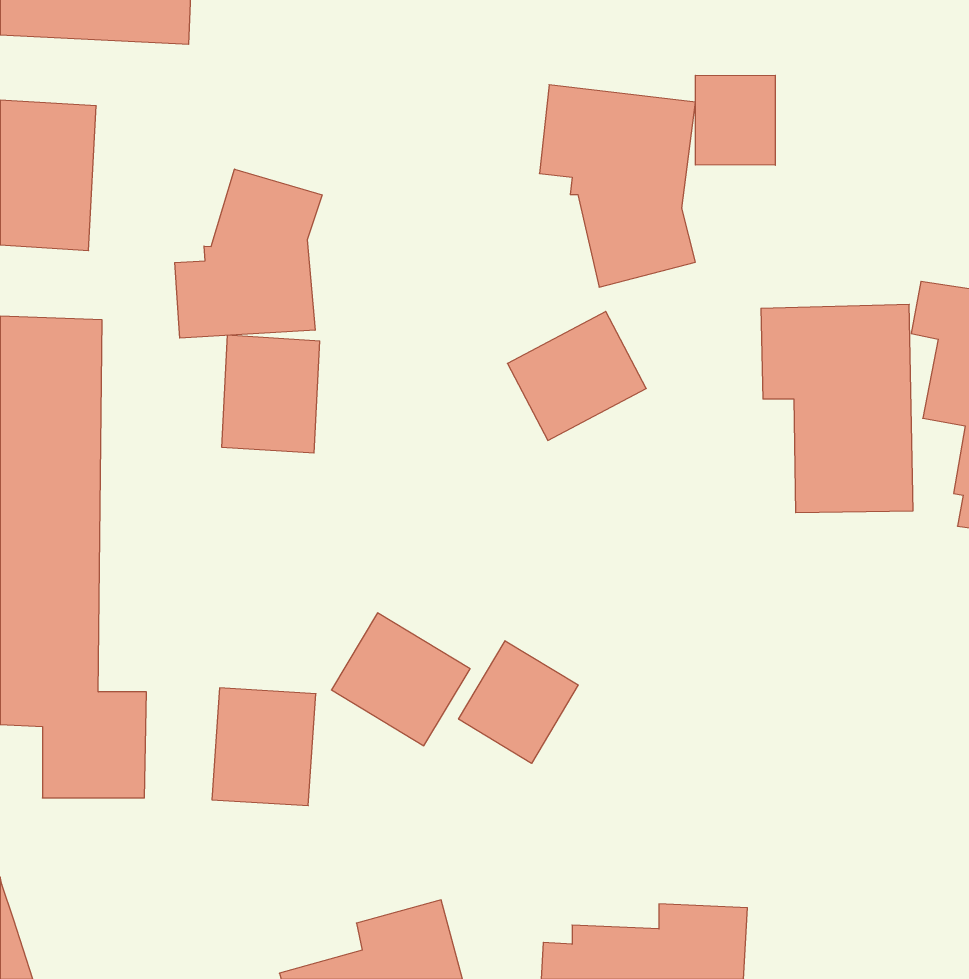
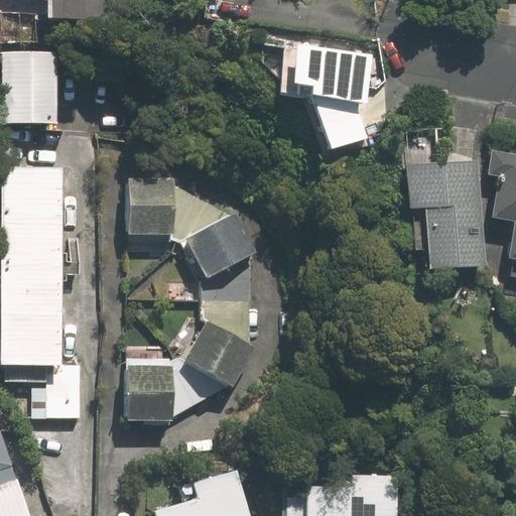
building: [695,75,775,165] -> none
building: [175,169,322,338] -> none
building: [507,311,646,440] -> [183,213,256,280]
building: [459,641,578,763] -> none

